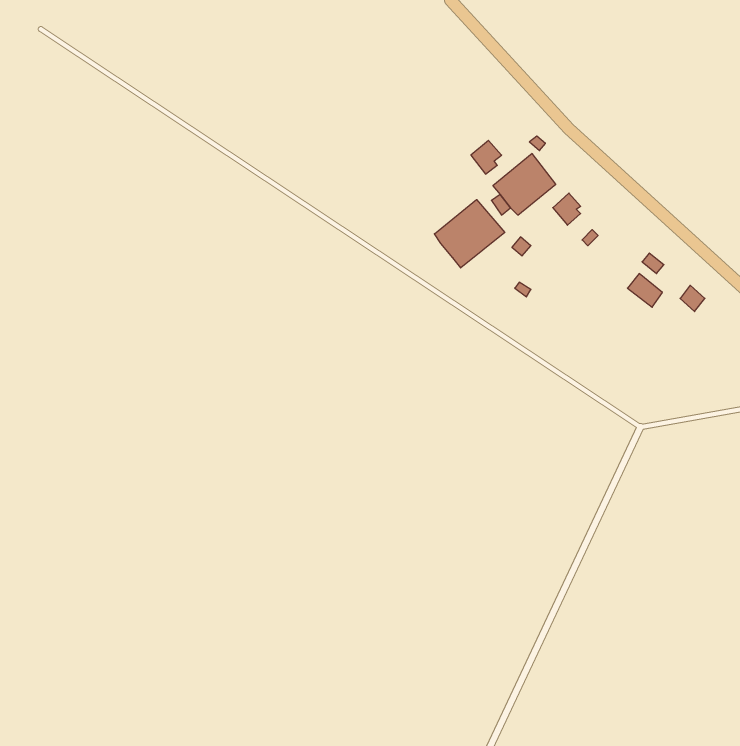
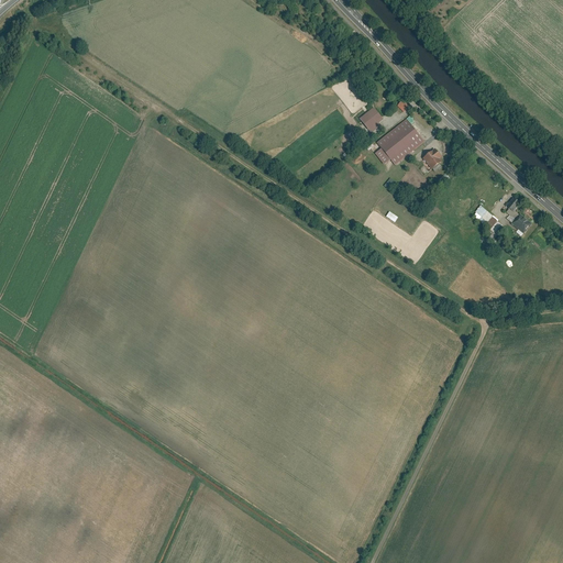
building: [434,200,505,268] -> none

